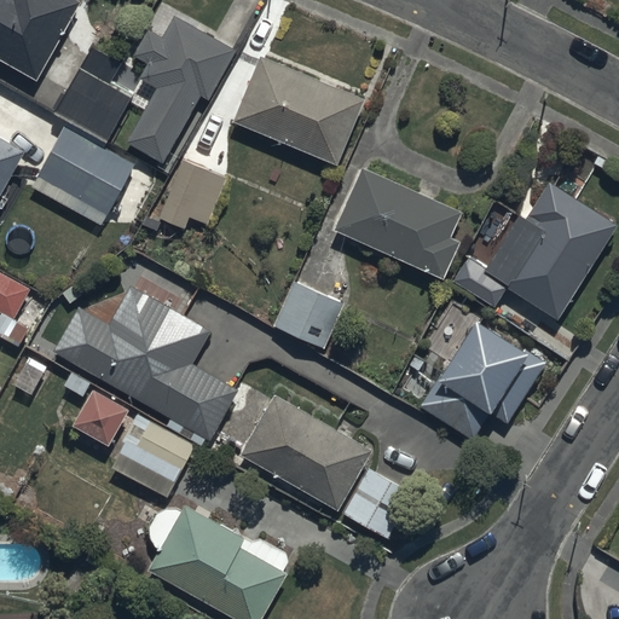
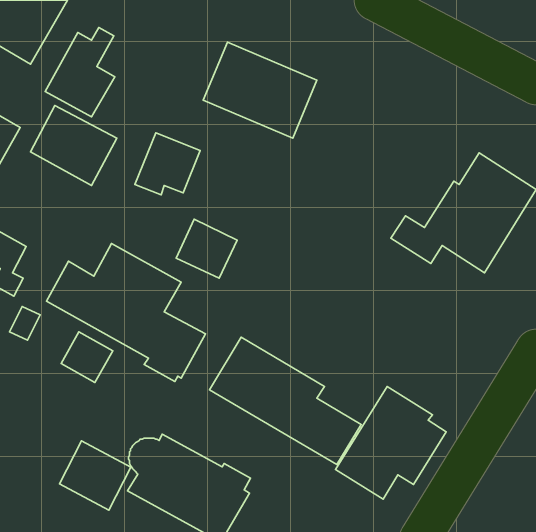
building: [126,15,237,162] -> none
building: [332,166,462,279] -> none
building: [273,282,343,349] -> [176,219,237,278]
building: [417,313,544,442] -> [336,386,446,499]
building: [110,418,192,498] -> [59,441,131,510]

